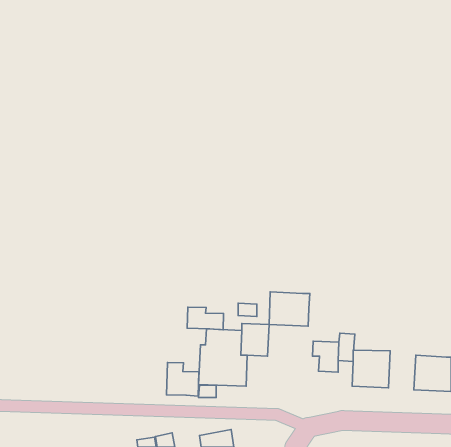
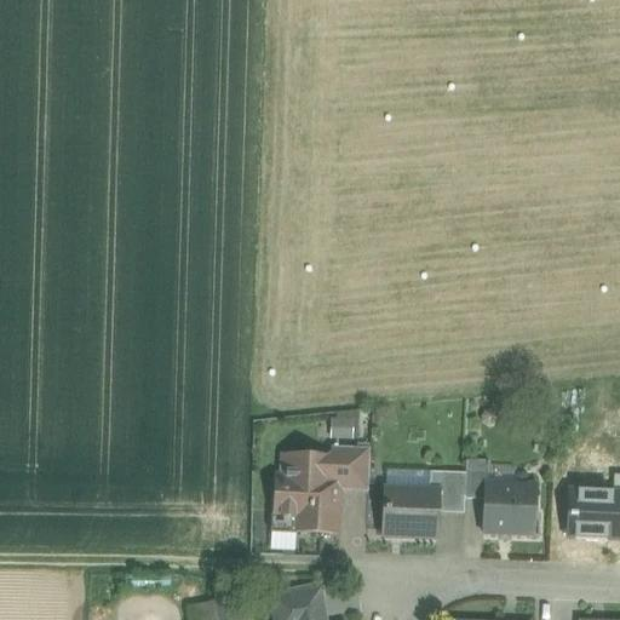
building: [269,292,310,326] -> [383,487,438,534]
building: [187,307,224,330] -> none
building: [166,363,199,396] -> none

